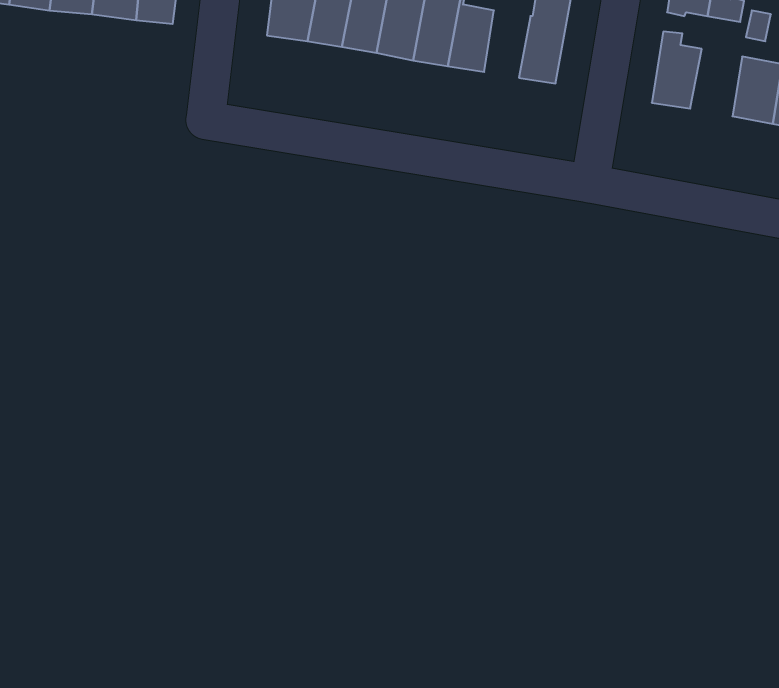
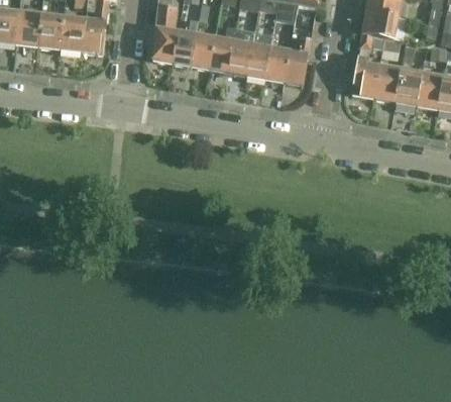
building: none -> [264,44,289,80]
building: none -> [372,65,400,100]

